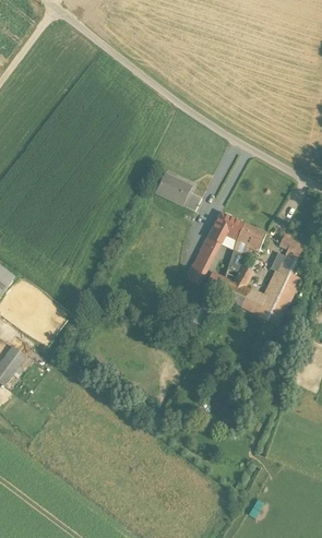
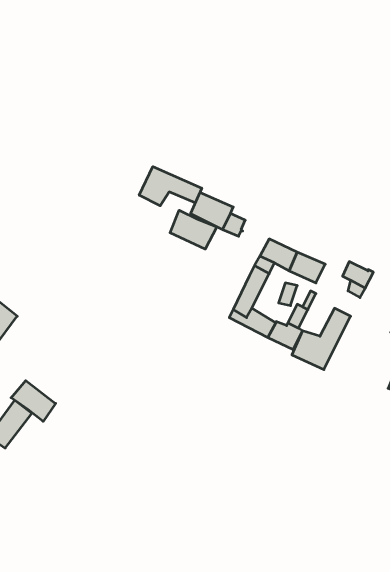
building: none -> [139,167,202,206]
building: none -> [170,210,217,249]
building: none -> [11,381,56,421]

